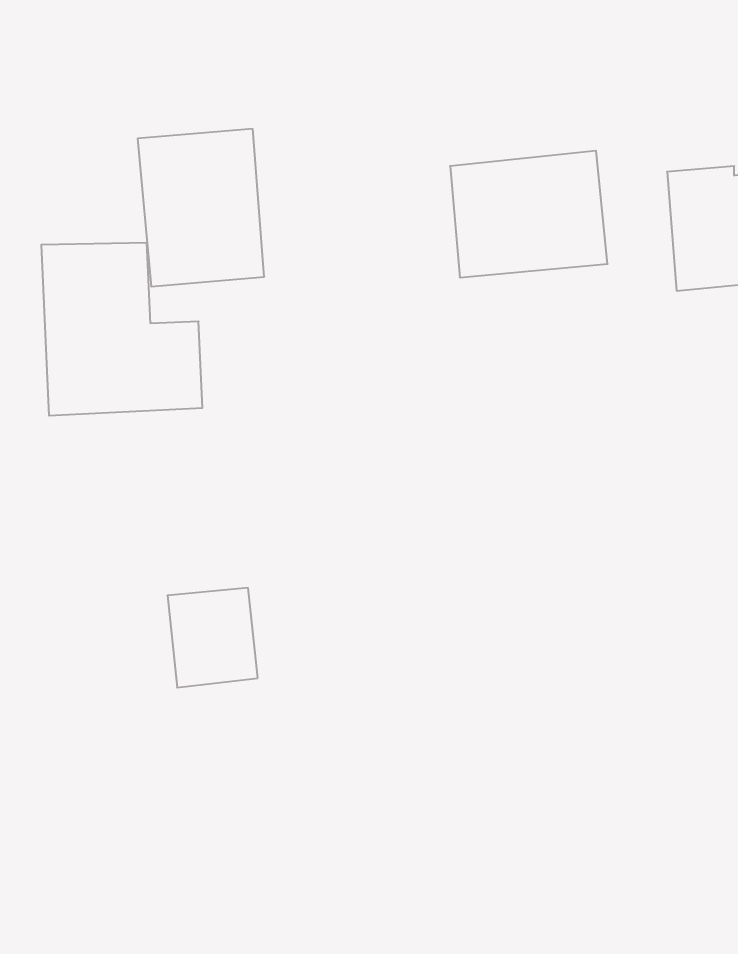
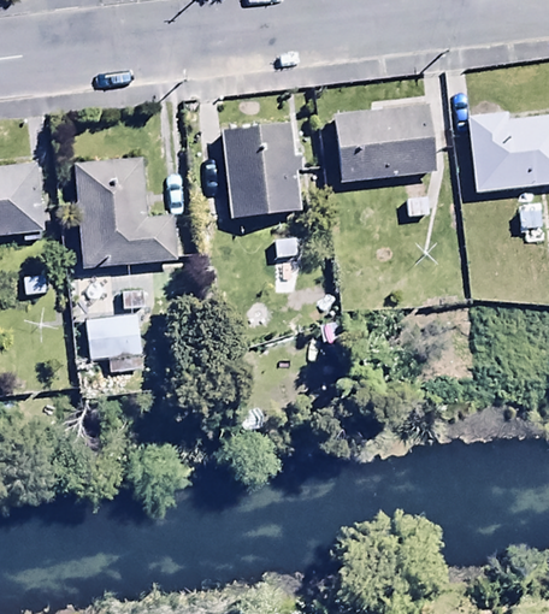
building: [138,129,264,286] -> [223,120,302,219]
building: [167,588,258,688] -> [88,312,144,374]

